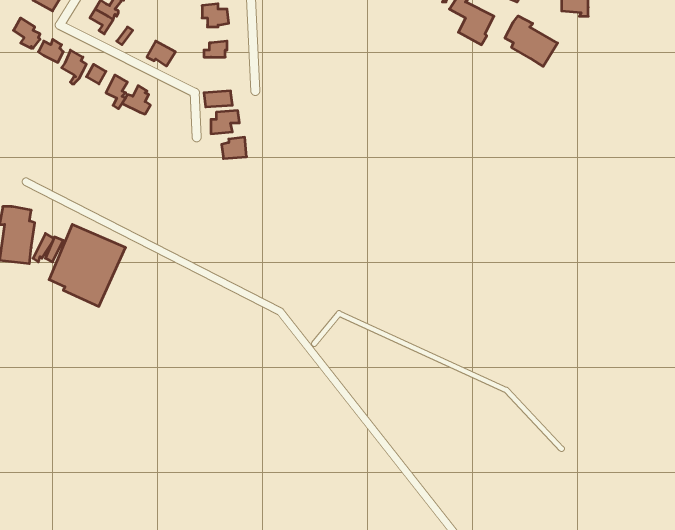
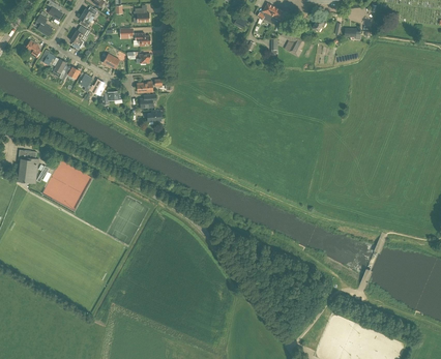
building: [505,16,558,66] -> none

